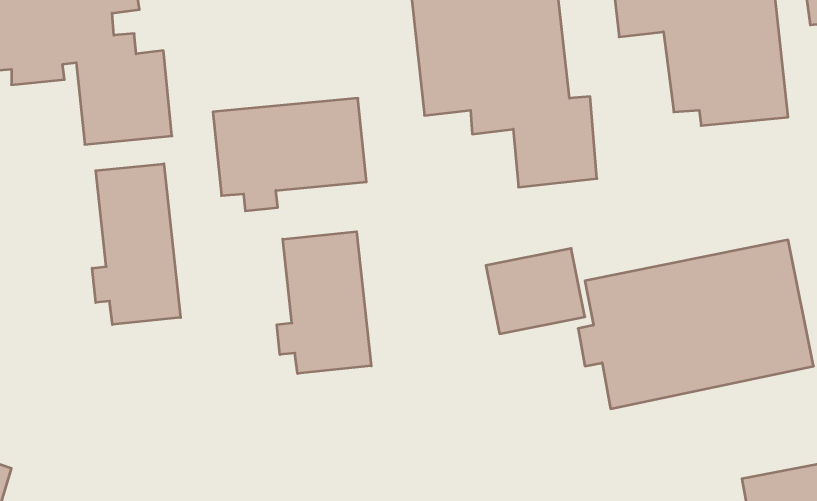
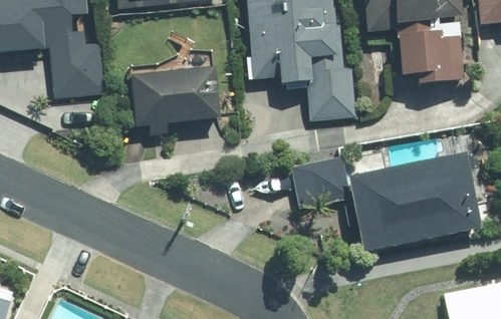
building: [92,164,181,325] -> none
building: [277,232,371,374] -> none

